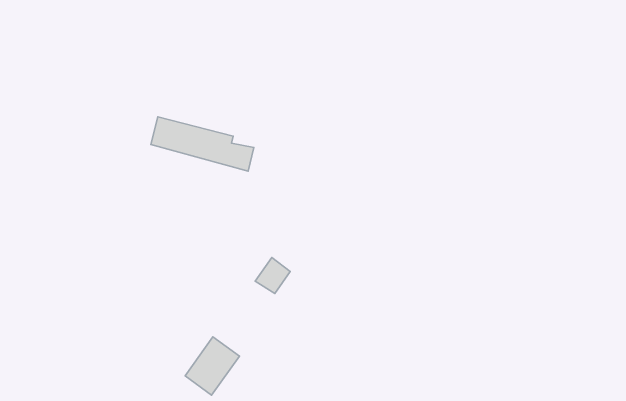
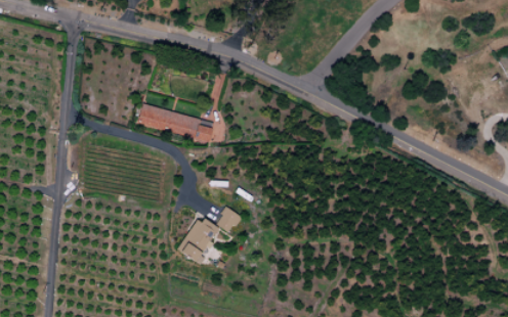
building: [185,337,239,395] -> [178,219,218,262]

